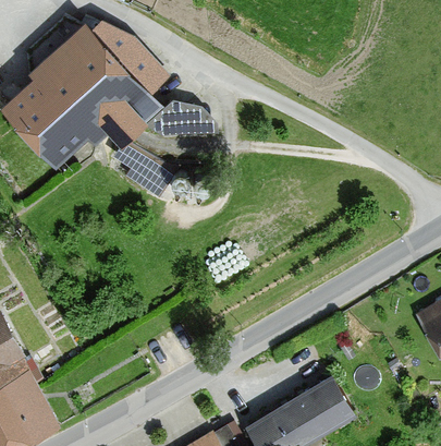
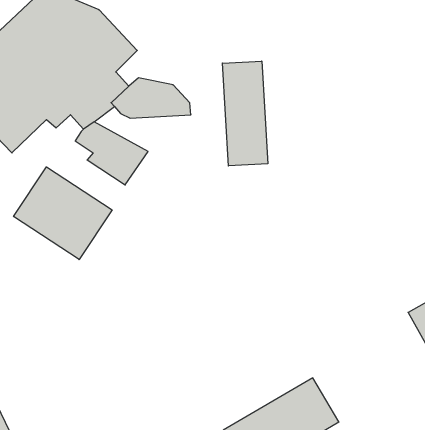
building: none -> [222,61,268,166]
building: none -> [14,167,112,260]

